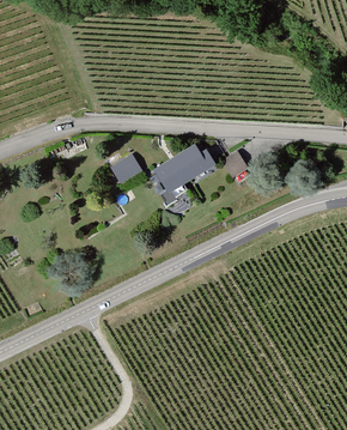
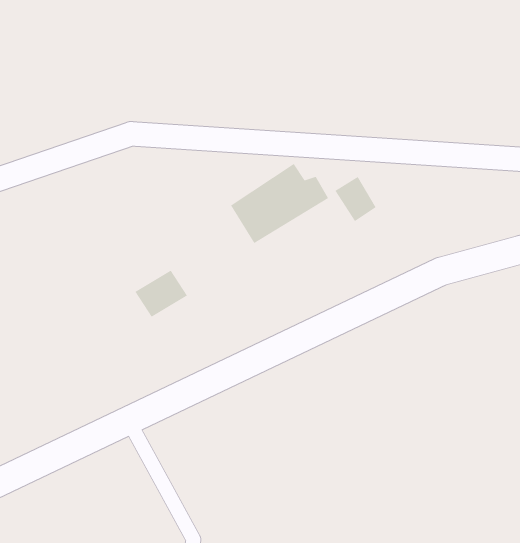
building: [110,153,145,184] -> [135,270,188,318]

